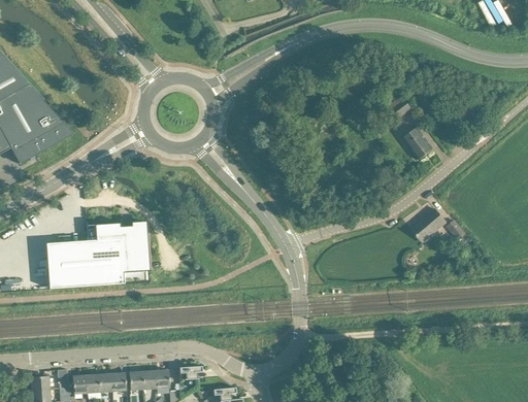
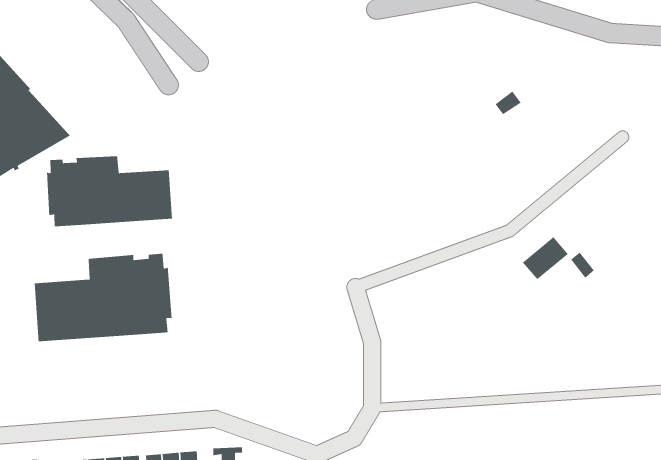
building: [402,127,433,160] -> none
building: none -> [46,152,173,227]

